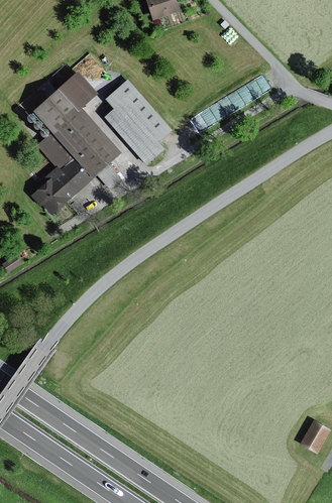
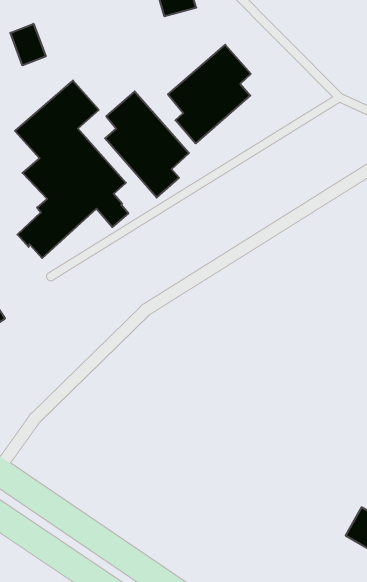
building: none -> [10,24,46,65]
building: none -> [168,45,251,143]

